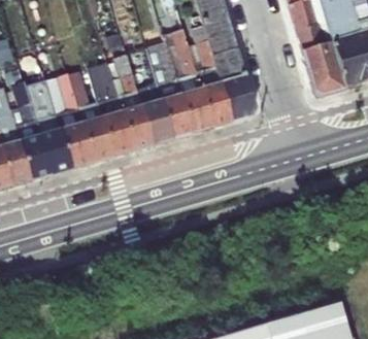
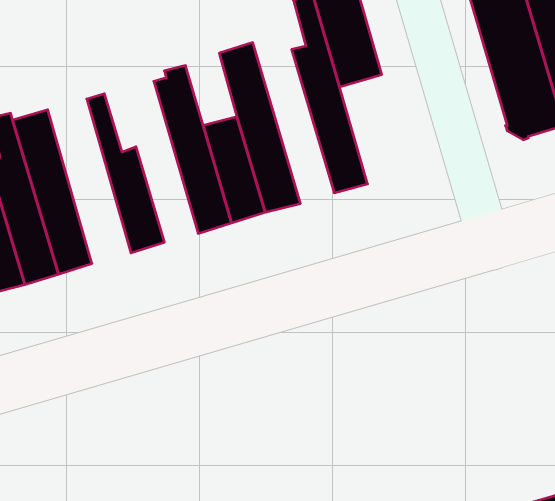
building: [161,29,210,133] -> none
building: [213,58,254,122] -> none
building: [85,61,131,156] -> none
building: [43,72,92,168] -> none

